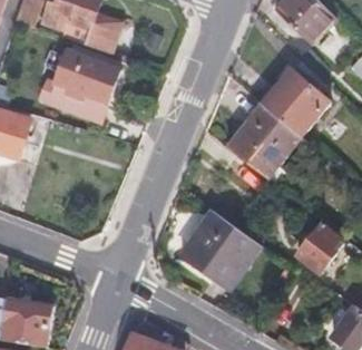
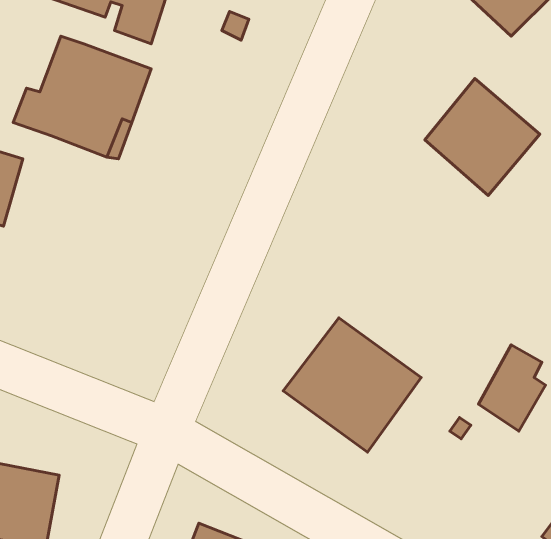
building: [231,106,301,178] -> none

